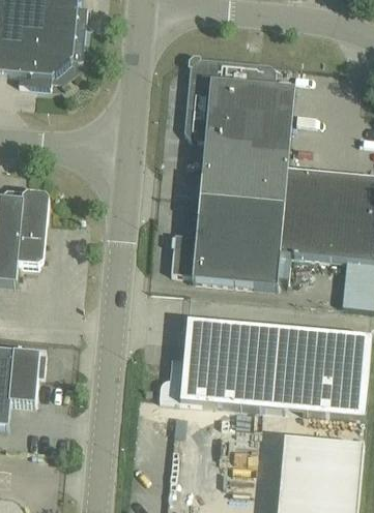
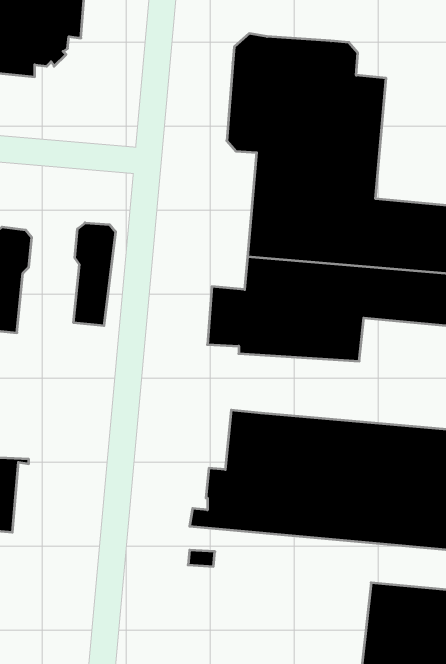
building: none -> [74,223,116,326]

